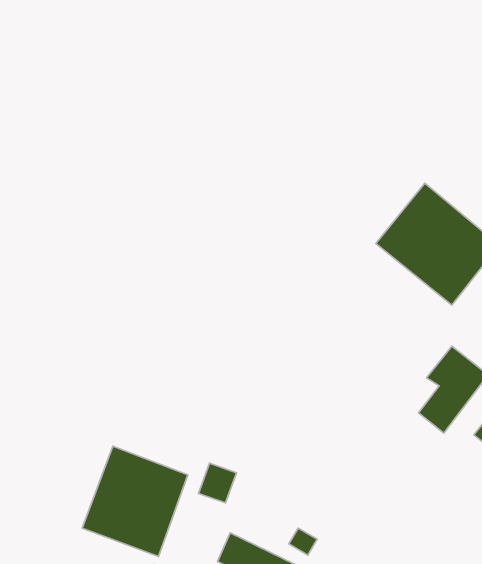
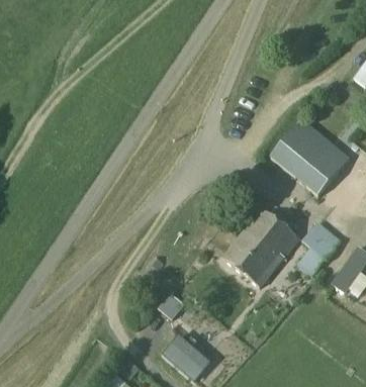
building: none -> [219,208,297,288]
building: [82,446,188,556] -> none

